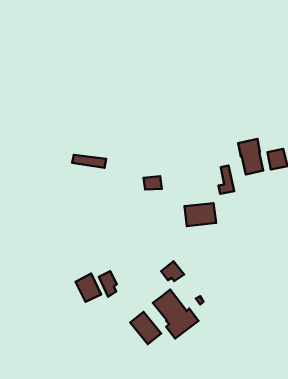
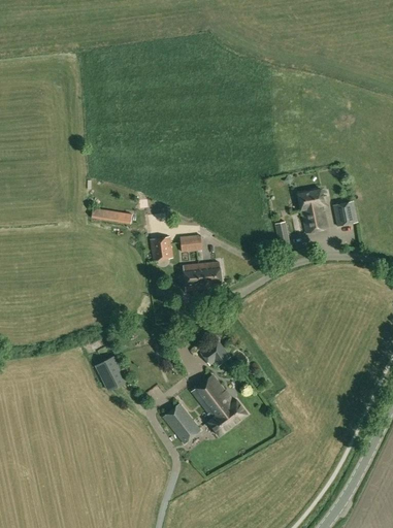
building: none -> [151,235,172,260]
building: [185,203,216,226] -> [183,261,222,290]
building: [99,271,117,297] -> none

